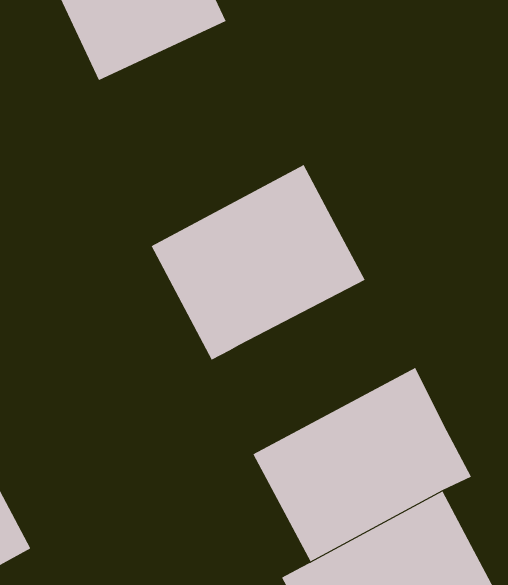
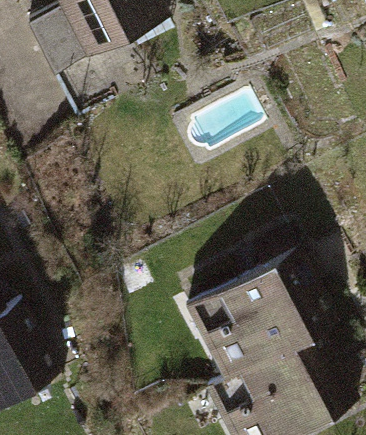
building: [151,164,366,361] -> none

